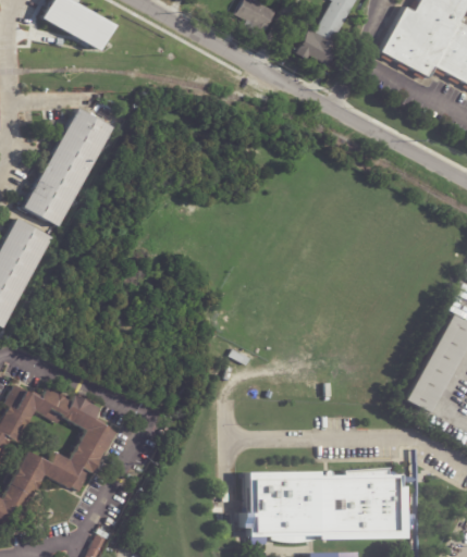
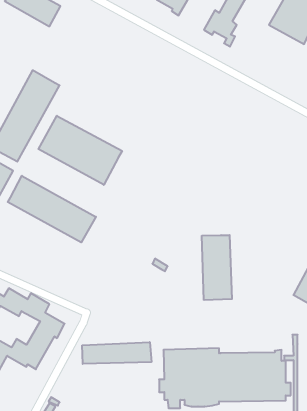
building: none -> [38,116,122,185]
building: none -> [8,176,96,242]
building: none -> [202,235,232,300]
building: none -> [82,342,151,364]

